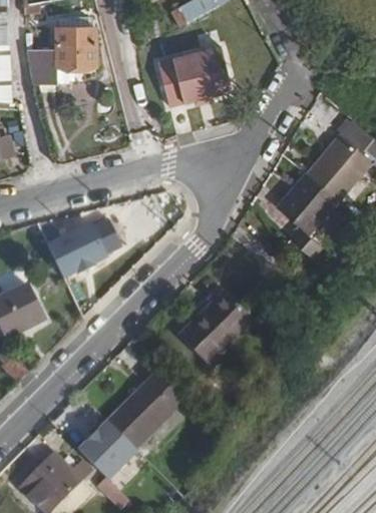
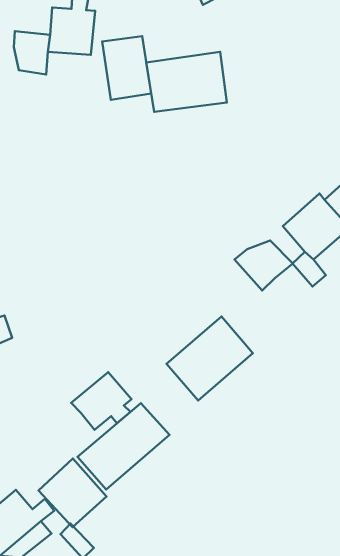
building: none -> [102,36,151,100]
building: none -> [235,240,293,291]
building: [45,221,108,281] -> none
building: none -> [71,372,132,430]

